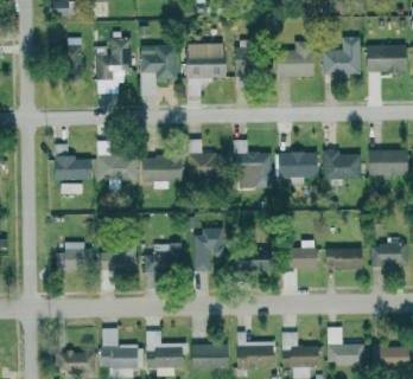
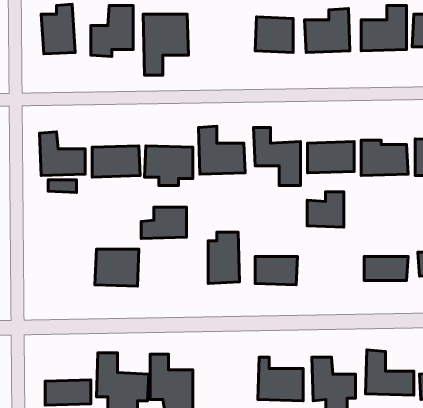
building: [186,44,225,96] -> none
building: [285,239,316,269] -> [307,192,344,227]
building: [55,240,91,272] -> none
building: [144,243,182,269] -> [141,207,186,238]
building: [191,343,228,368] -> none

